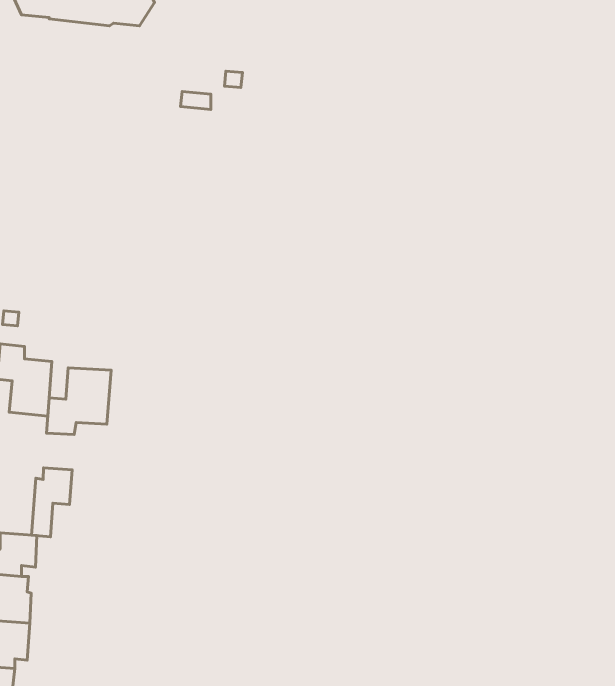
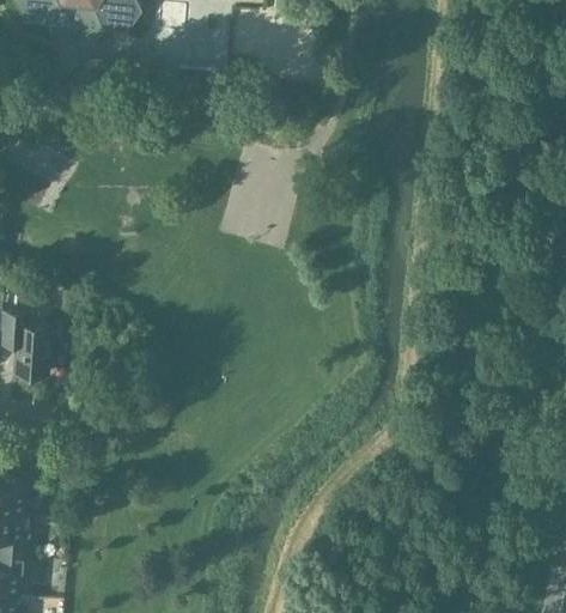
building: [46,368,111,434] -> none
building: [32,468,72,537] -> none

